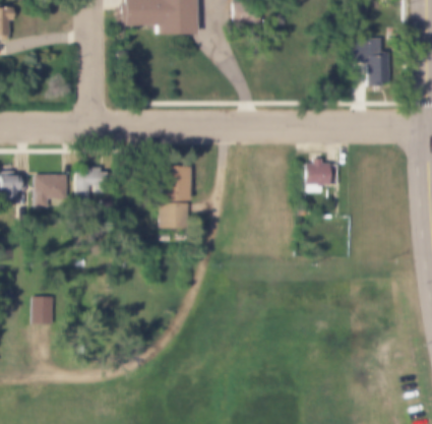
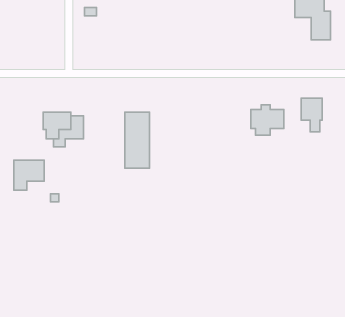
building: none -> [301,98,322,132]
building: [35,174,68,207] -> [14,160,44,190]
building: [35,297,54,322] -> none

